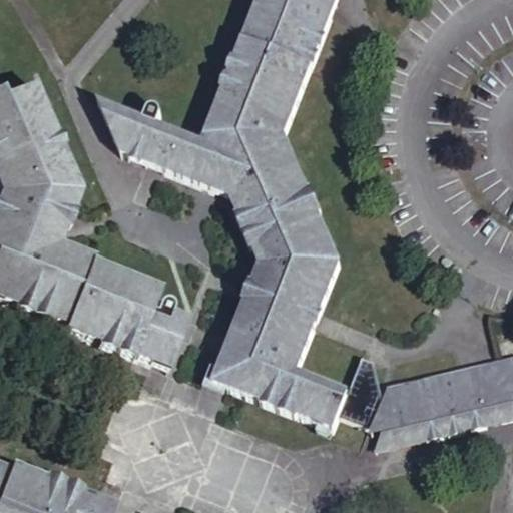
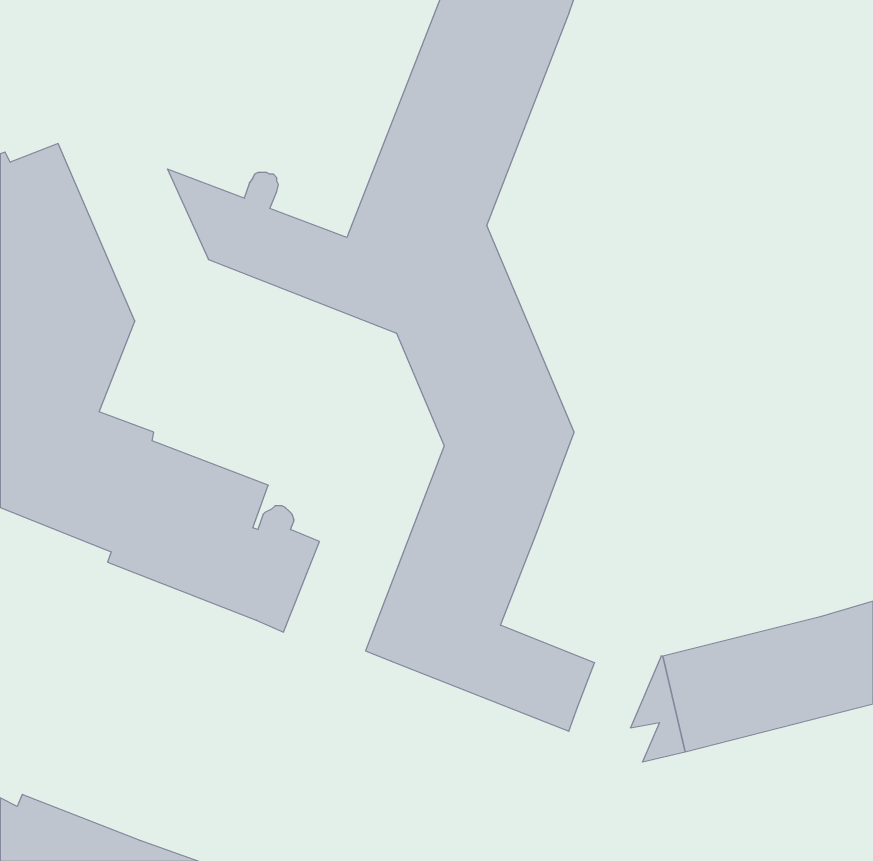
building: [339,355,382,427] -> none

